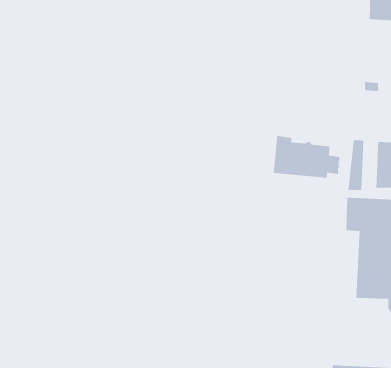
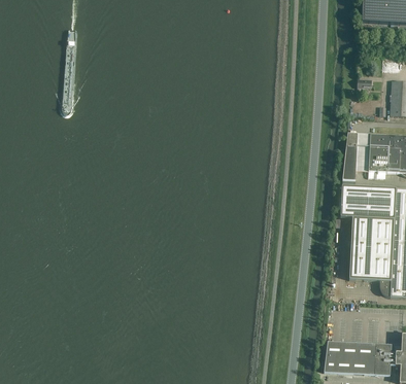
building: [273,135,340,179] -> none

